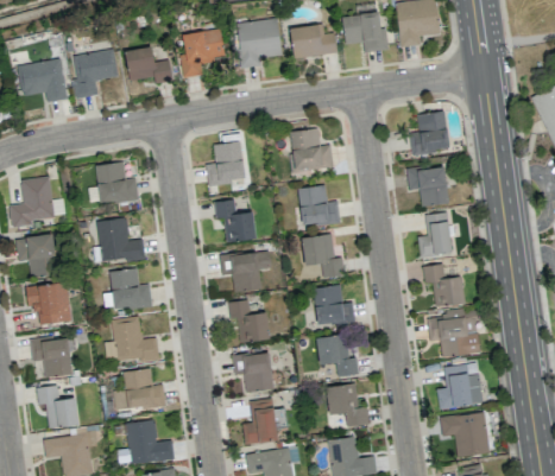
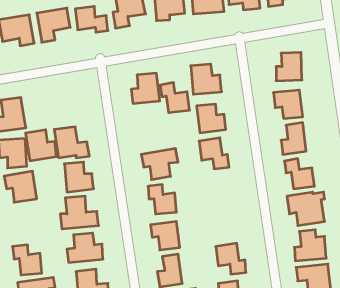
building: [95,161,139,205] -> [26,130,57,161]
building: [215,199,257,242] -> [160,83,190,113]
building: [314,285,355,326] -> none
building: [316,334,359,377] -> none
building: [31,336,72,377] -> none

